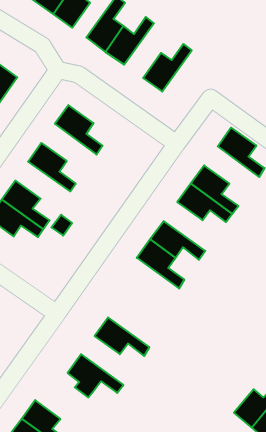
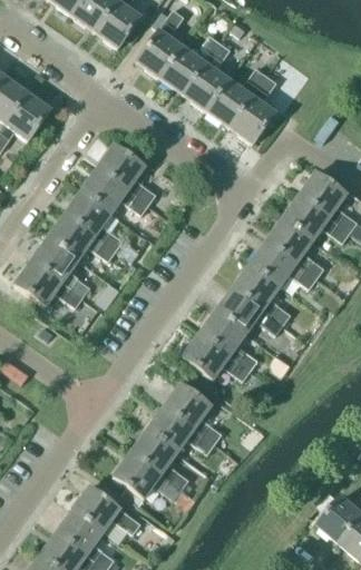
building: none -> [183,42,230,110]
building: none -> [230,76,276,144]
building: none -> [80,167,148,215]
building: none -> [282,195,350,243]
building: none -> [48,214,116,261]
building: none -> [232,264,291,324]
building: none -> [182,333,251,381]
building: none -> [163,383,222,443]
building: none -> [129,430,188,490]
building: none -> [72,485,140,533]

